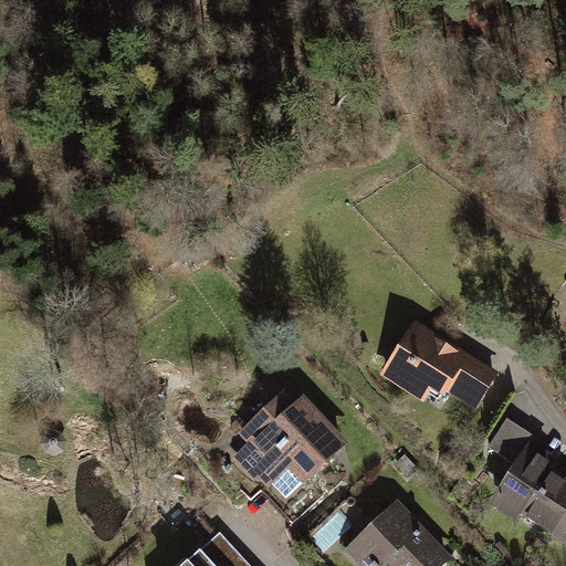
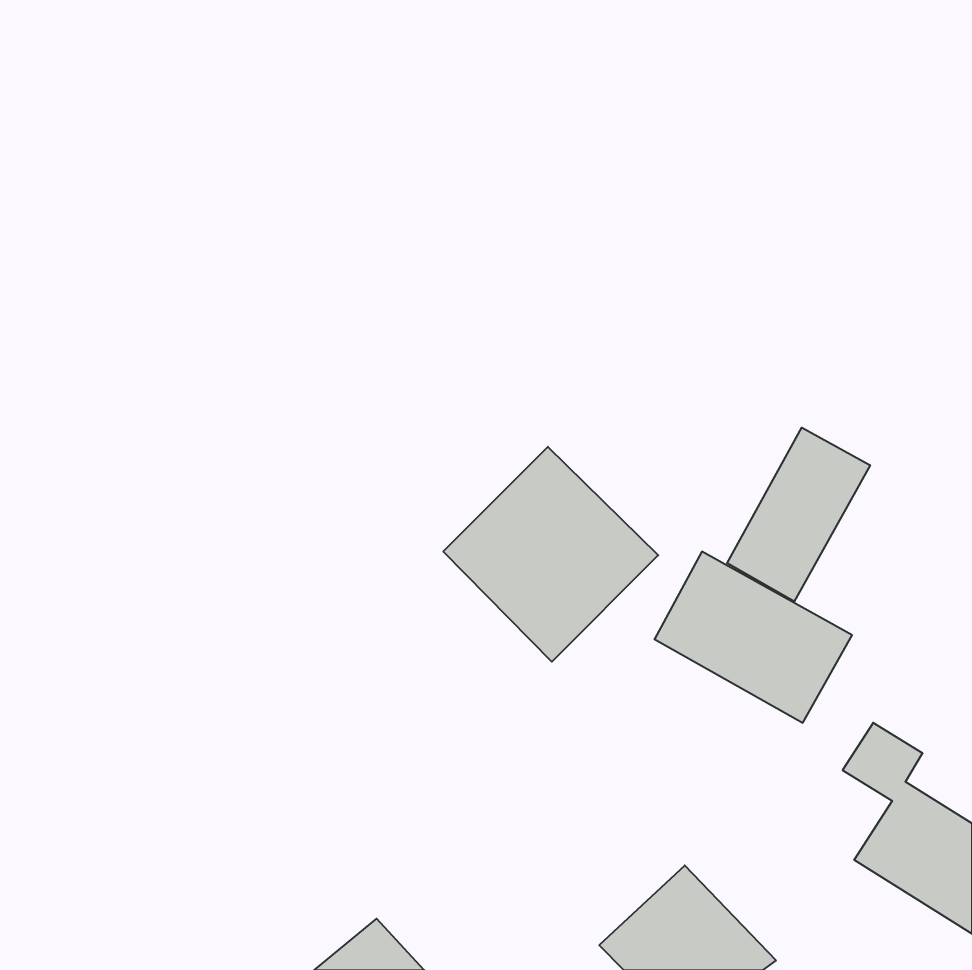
building: none -> [727,428,870,602]
building: [226,384,350,509] -> [443,447,658,662]

